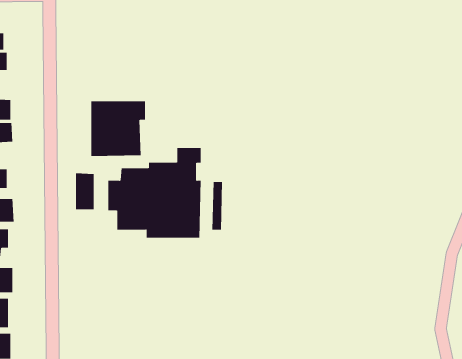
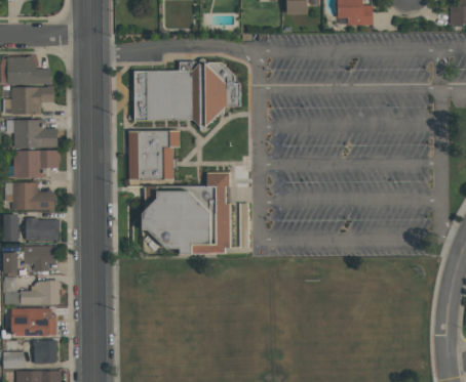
building: none -> [133,62,240,120]
building: [75,172,94,210] -> none

